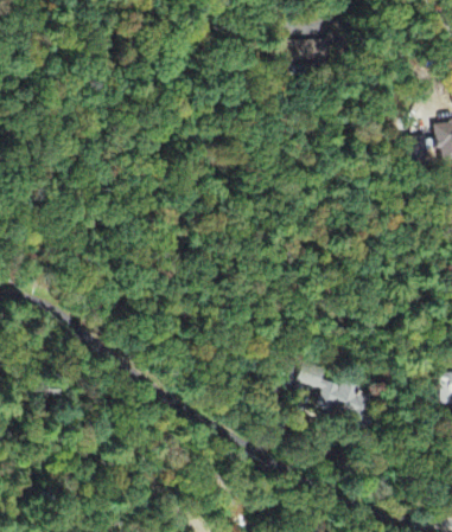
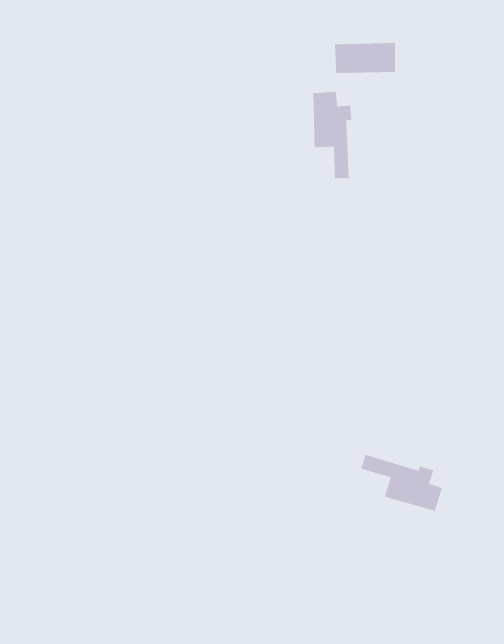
building: none -> [313,91,351,179]

